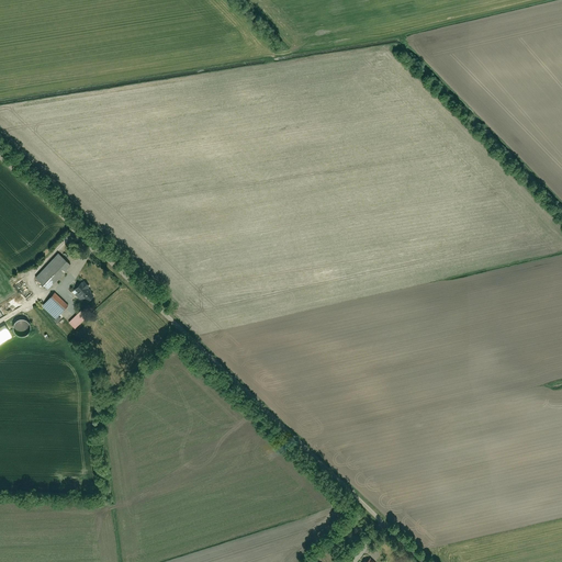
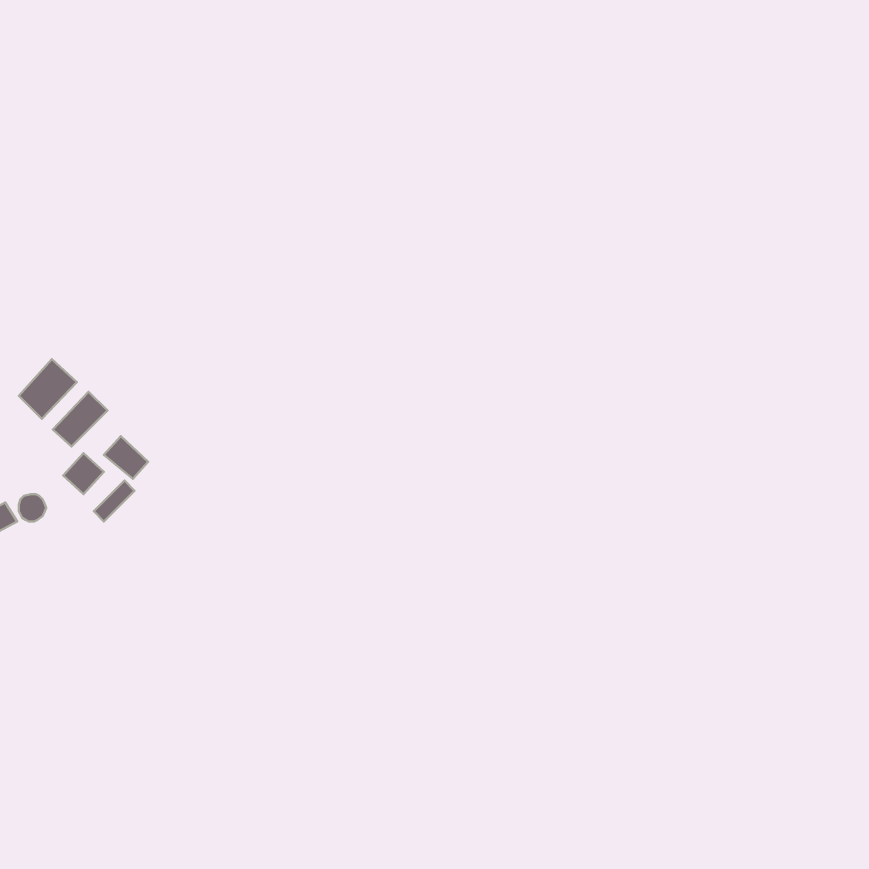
building: none -> [19,359,77,419]

